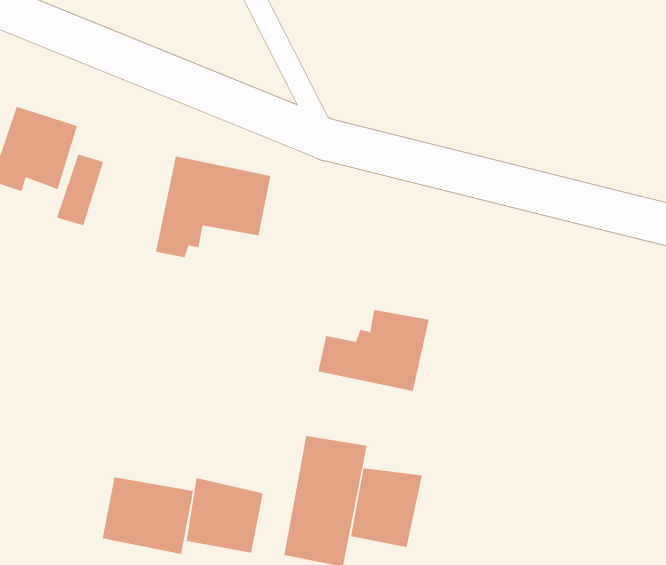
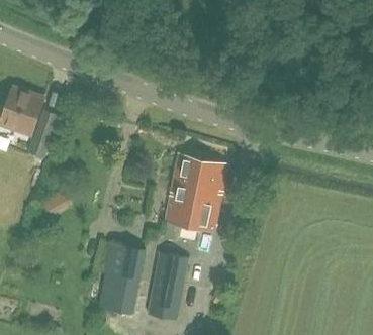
building: [155,156,271,258] -> [169,155,227,207]
building: [350,467,423,548] -> none
building: [102,477,194,555] -> [98,243,145,283]

